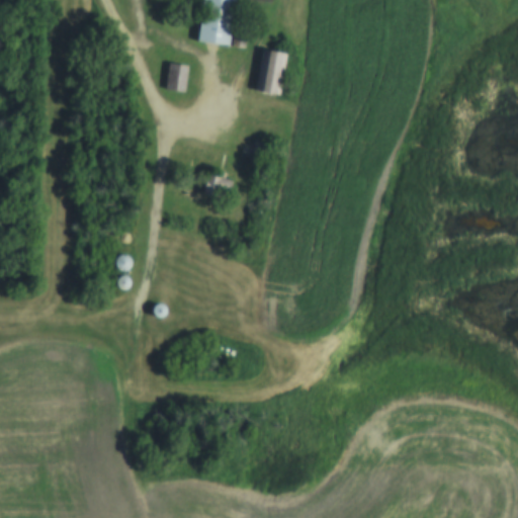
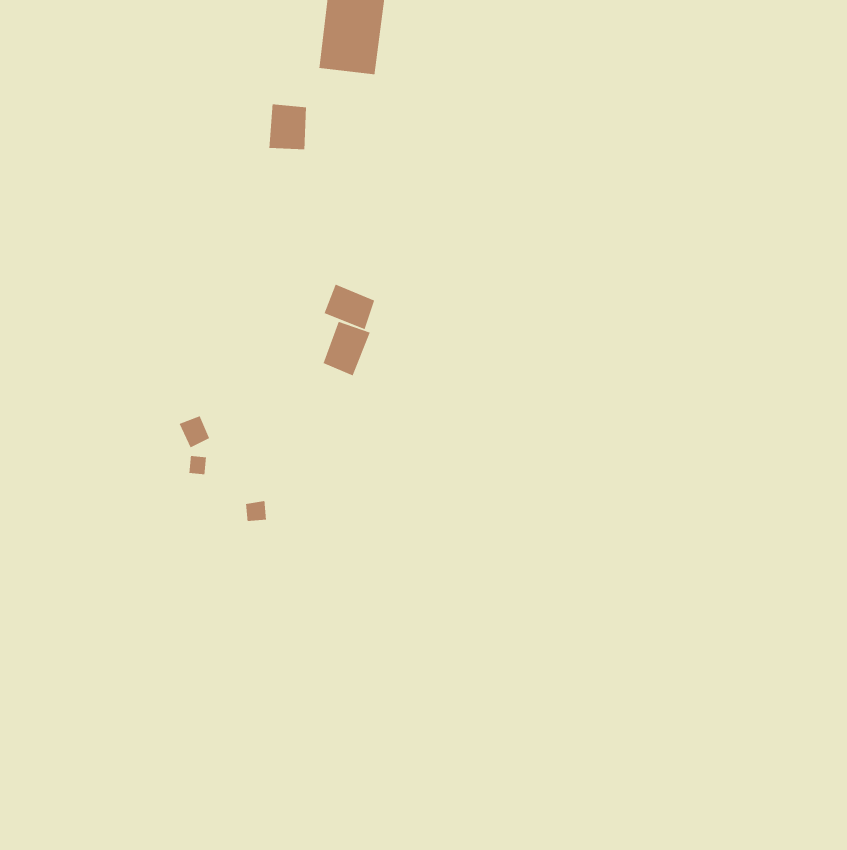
building: [257,50,287,94] -> none
building: none -> [322,321,371,376]

